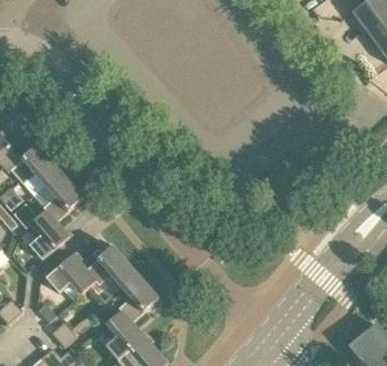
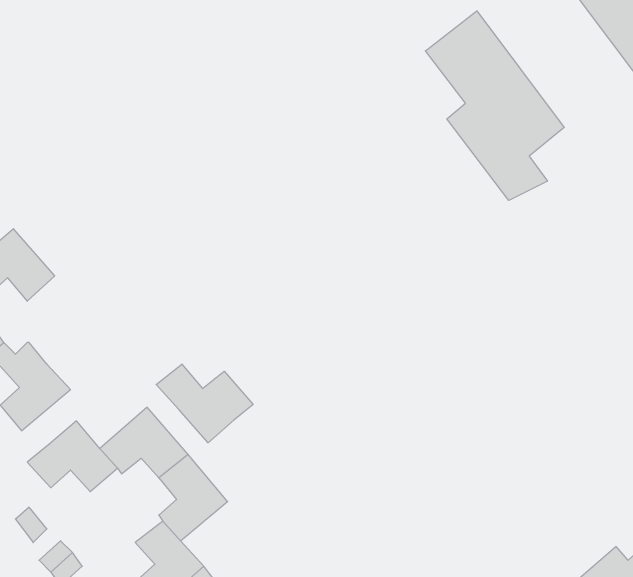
building: none -> [425,11,564,200]
building: [42,171,82,221] -> none
building: none -> [156,364,253,443]

